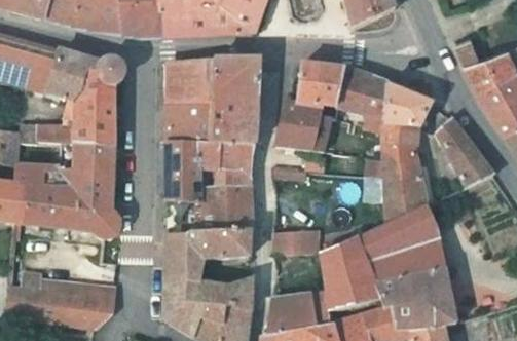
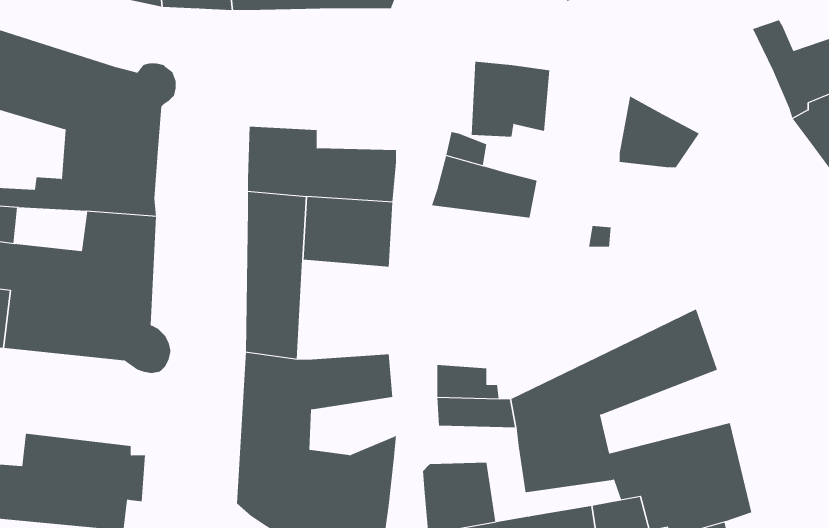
building: [171,58,257,112] -> none
building: [339,67,387,114] -> none
building: [433,116,489,184] -> none
building: [381,119,426,221] -> none
building: [198,175,254,231] -> none
building: [371,237,445,285] -> none

